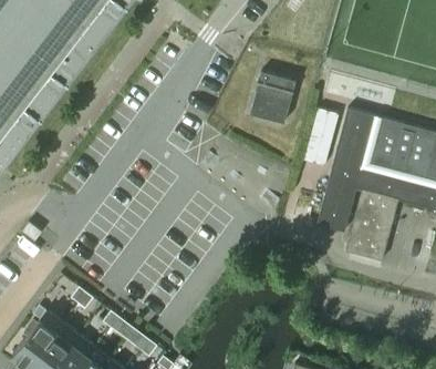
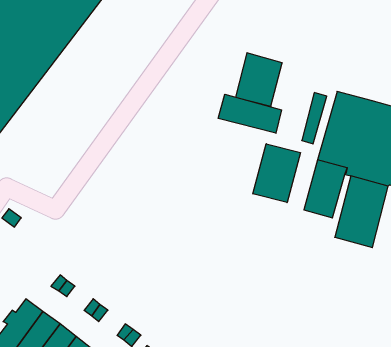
building: none -> [218,94,282,133]
building: none -> [253,144,300,203]

